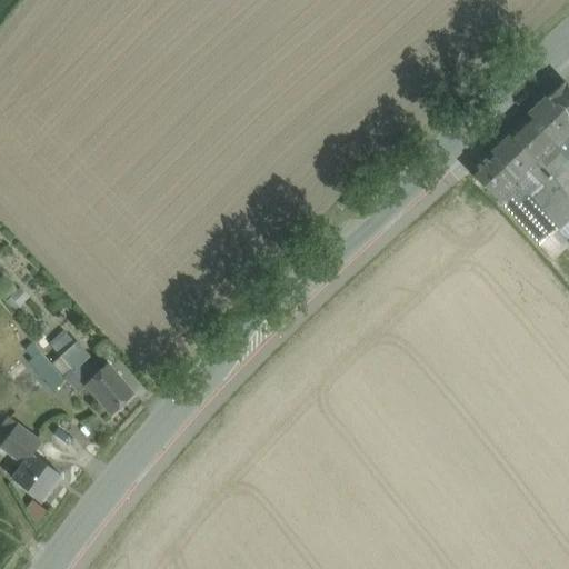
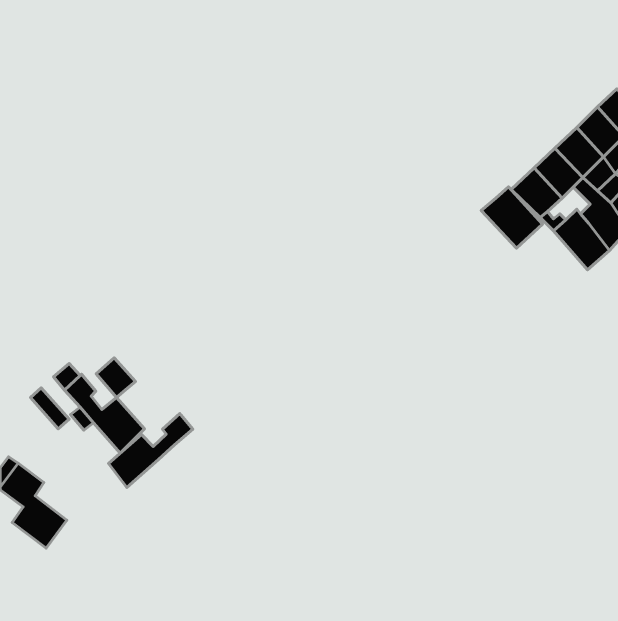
building: none -> [481,187,542,248]
building: none -> [96,358,136,397]
building: none -> [109,414,193,488]

